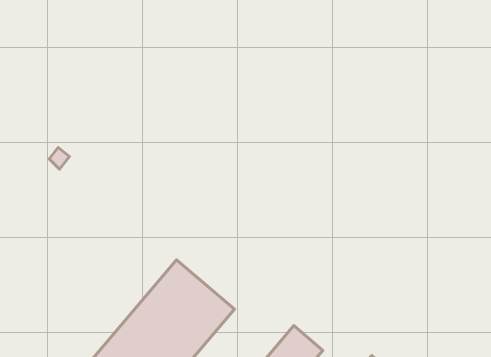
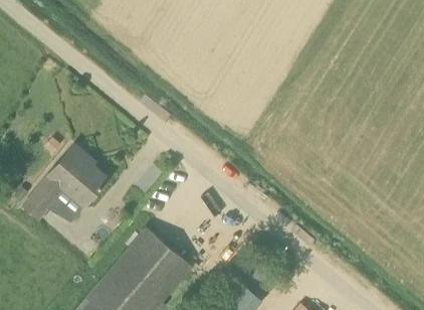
building: none -> [21,145,109,221]

